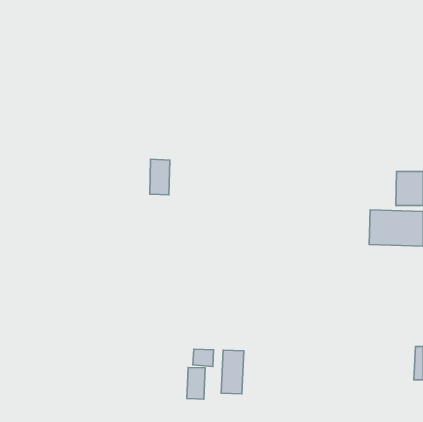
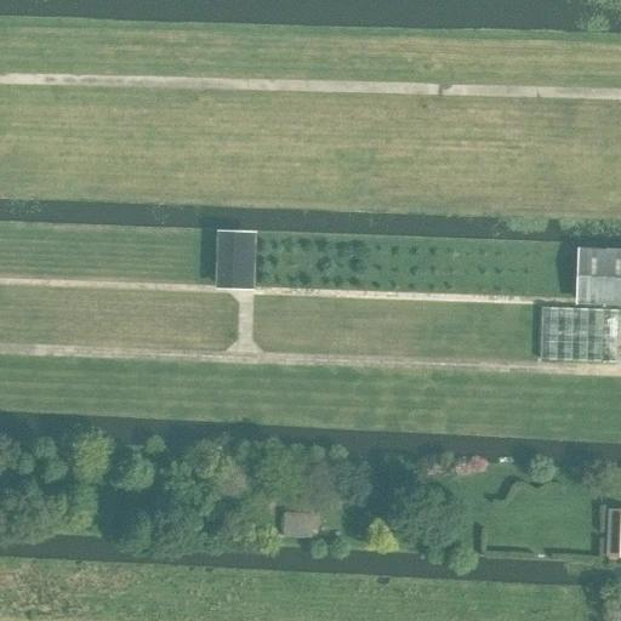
building: [221,350,244,394] -> none
building: [187,367,205,399] -> none

